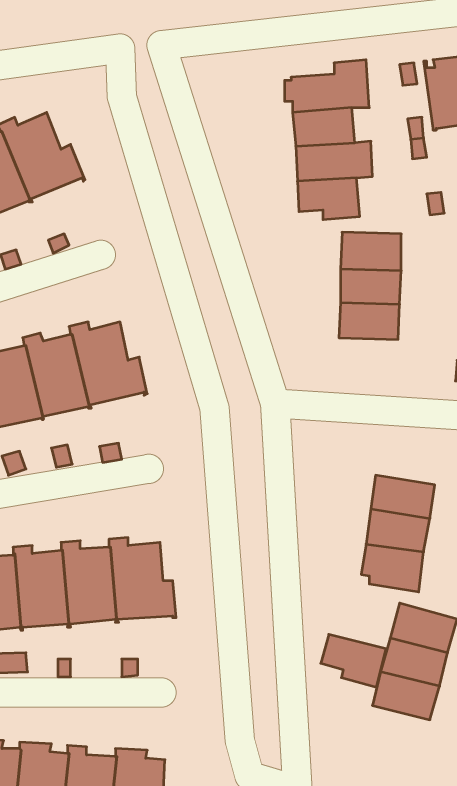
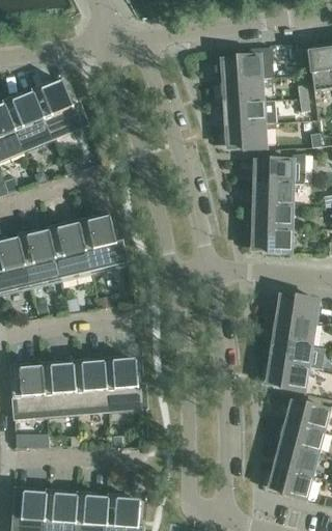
building: none -> [251,227,291,254]
building: none -> [276,294,317,323]
building: [321,634,386,687] -> [269,466,311,500]

